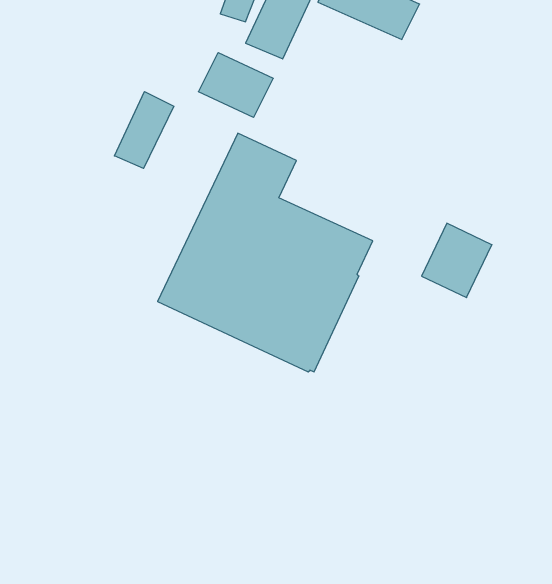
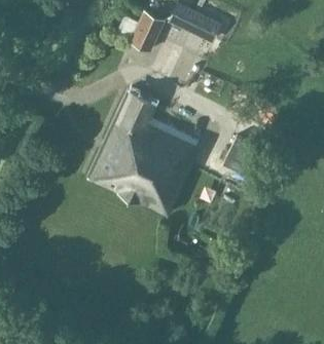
building: [198,53,273,117] -> none
building: [114,92,174,168] -> none

